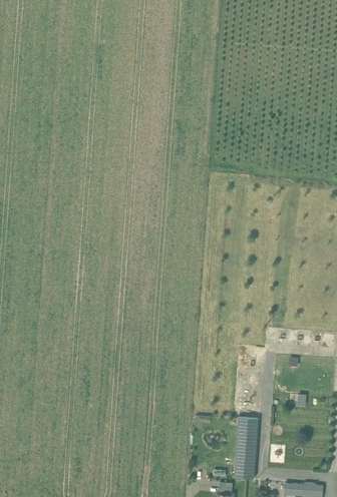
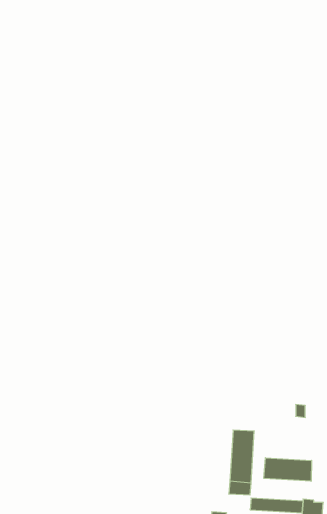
building: none -> [264,458,312,481]

